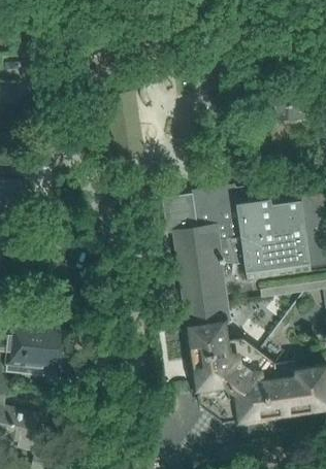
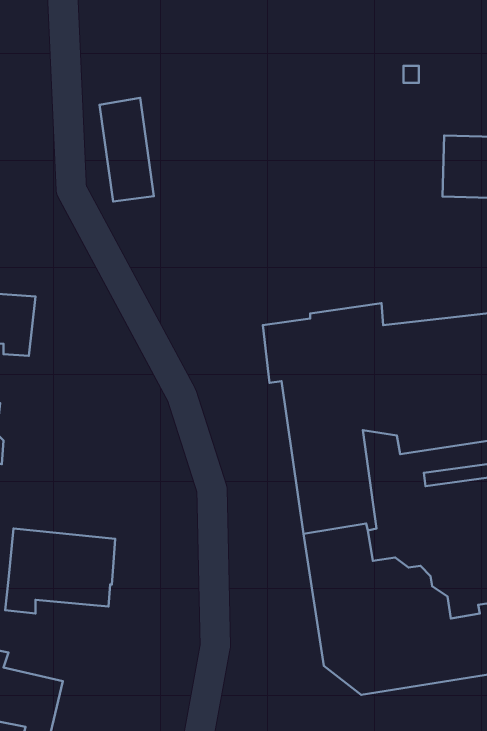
building: [108,94,141,157] -> [100,98,154,201]

